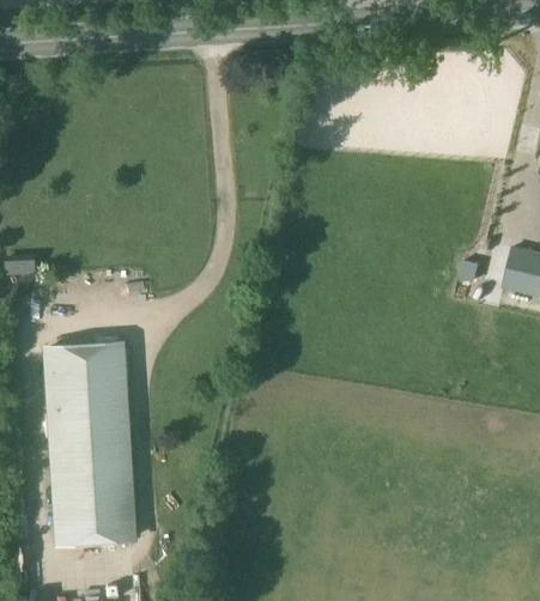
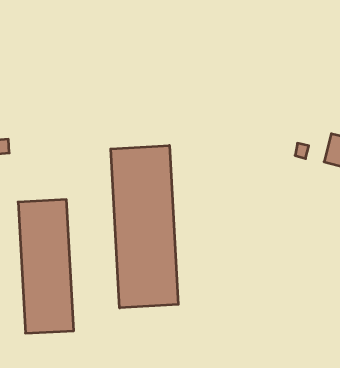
building: none -> [111,145,178,308]

